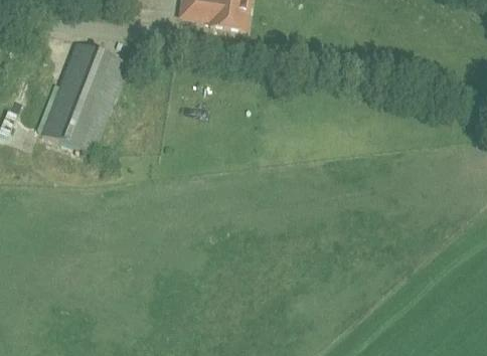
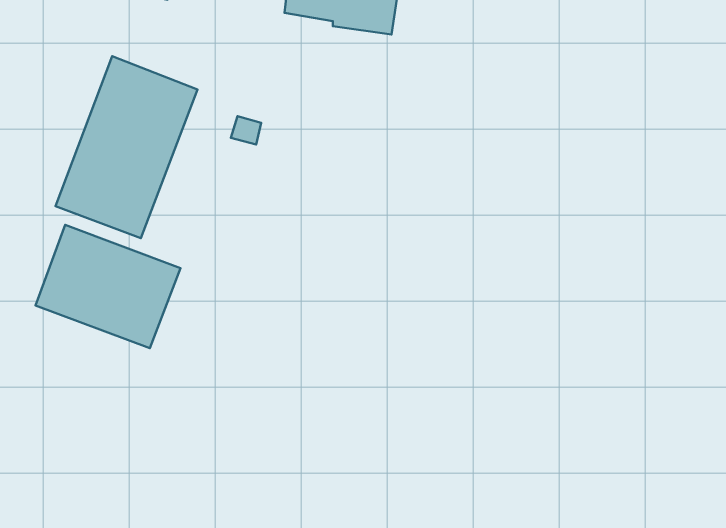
building: none -> [35,225,180,348]

